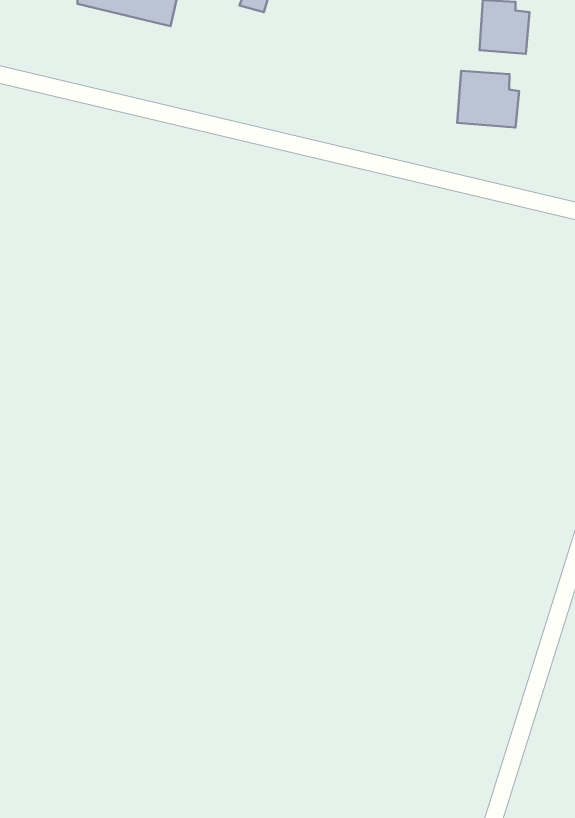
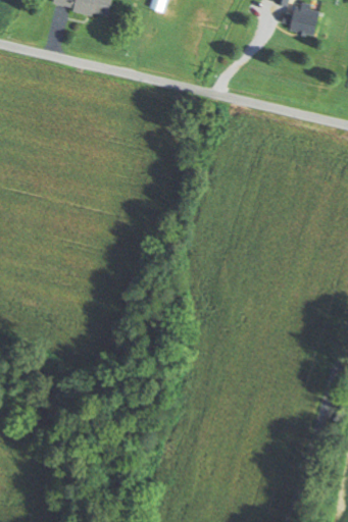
building: [457,71,519,127] -> none

